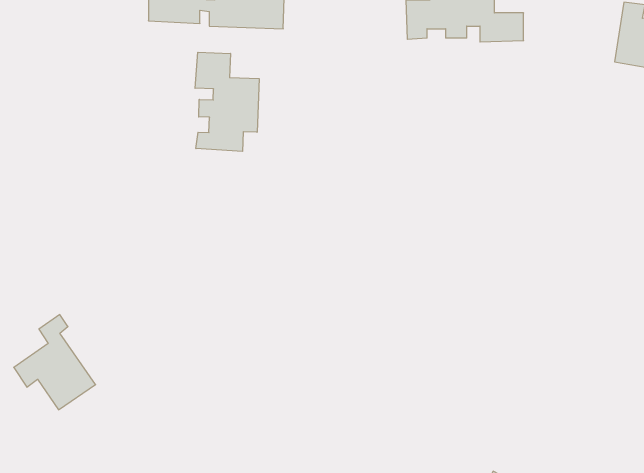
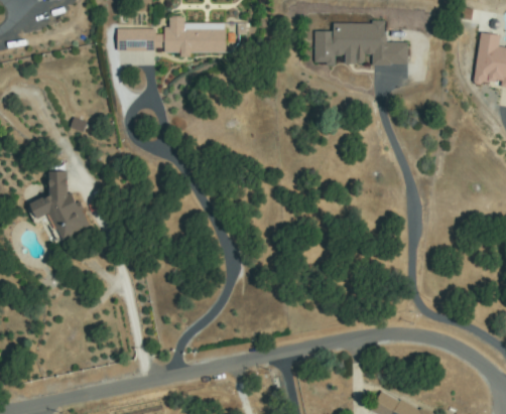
building: [195,52,259,151] -> none
building: [14,315,96,410] -> [27,169,90,242]

